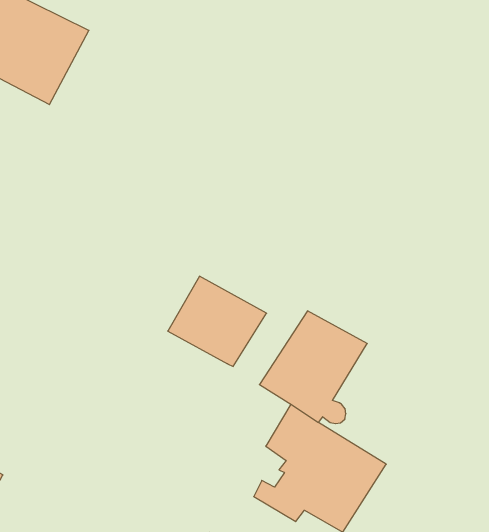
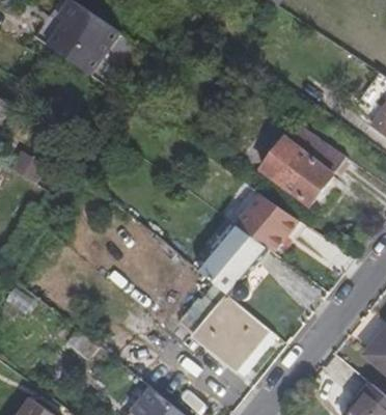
building: none -> [260,127,344,204]
building: [168,276,267,366] -> [232,193,295,251]

